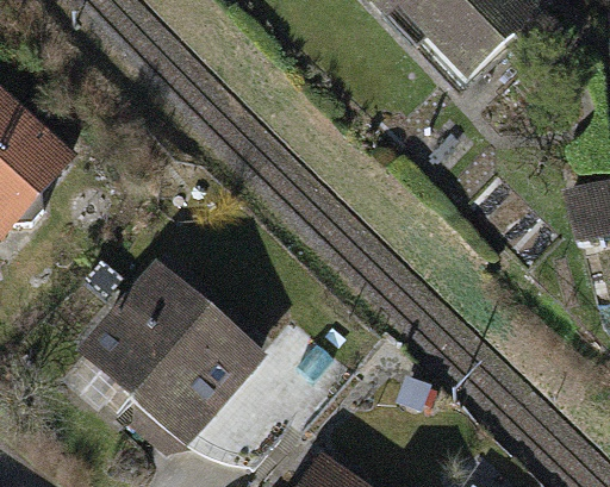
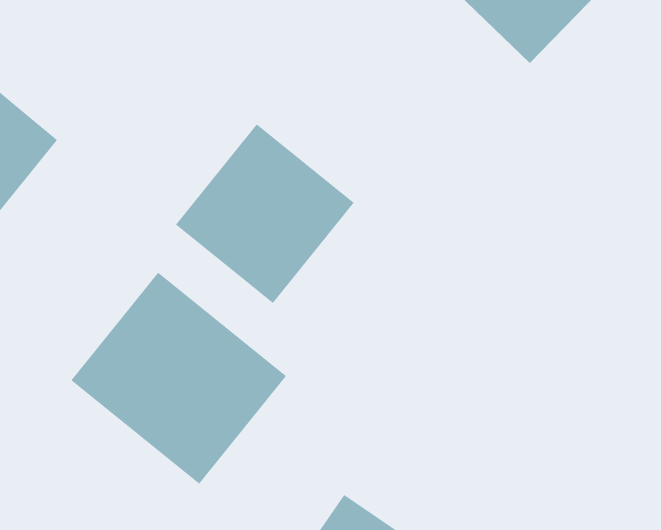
building: none -> [175,124,354,304]

